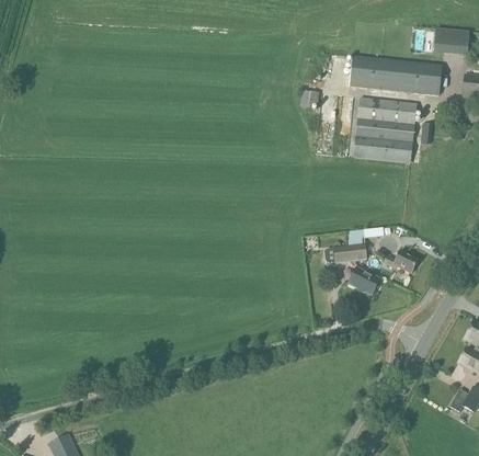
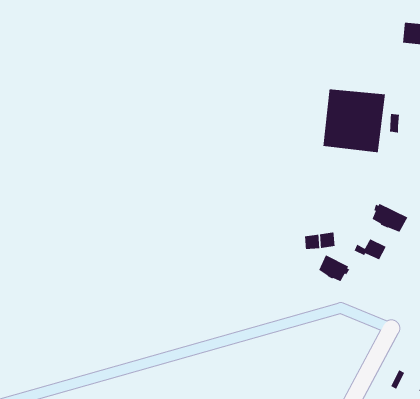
building: [350,56,443,95] -> none
building: none -> [372,203,408,233]

